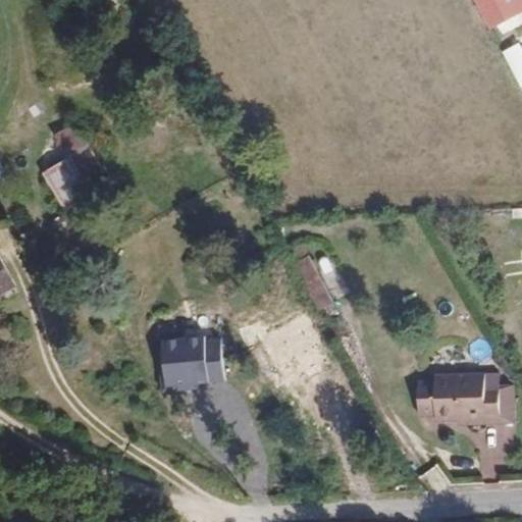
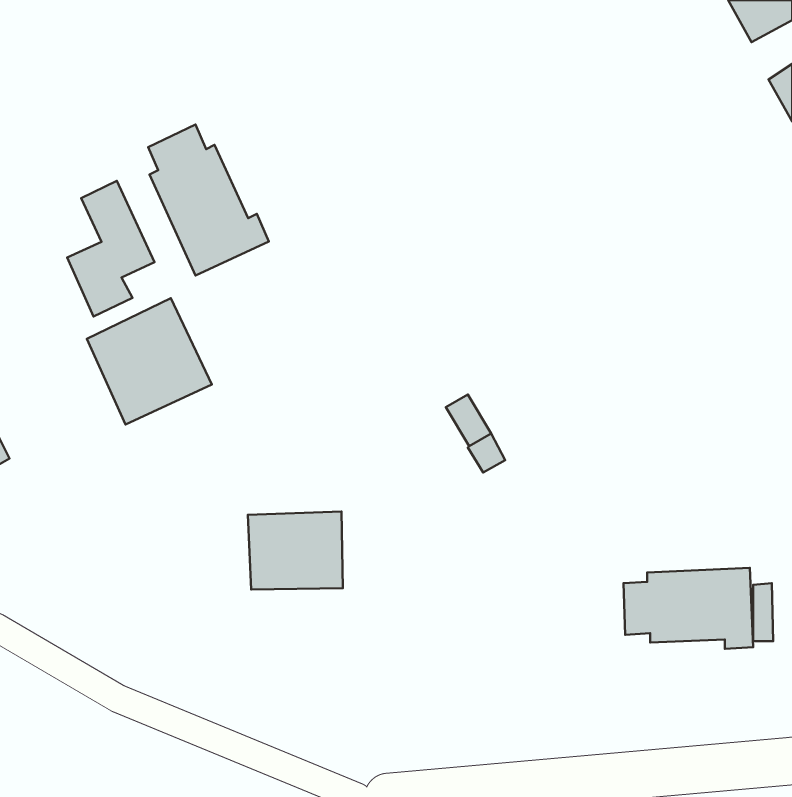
building: none -> [148,125,269,275]
building: none -> [87,298,212,424]

